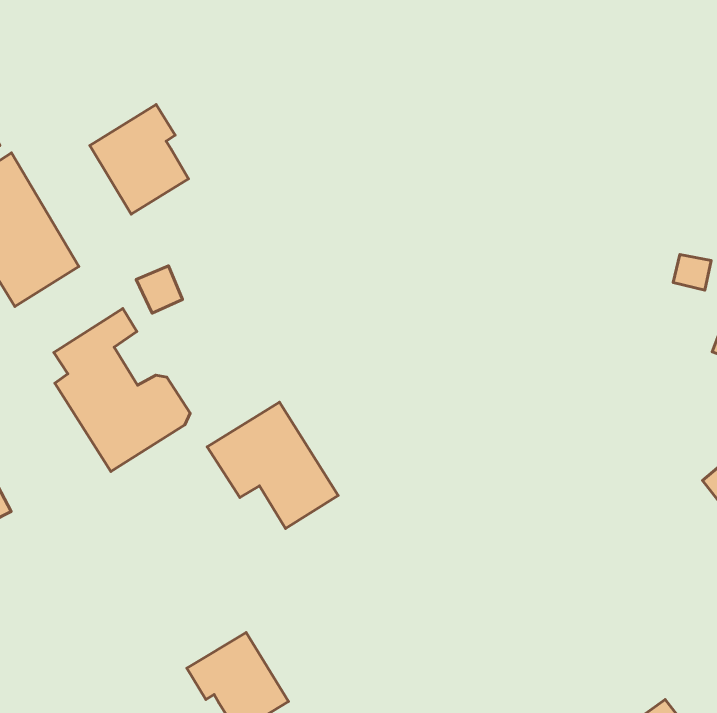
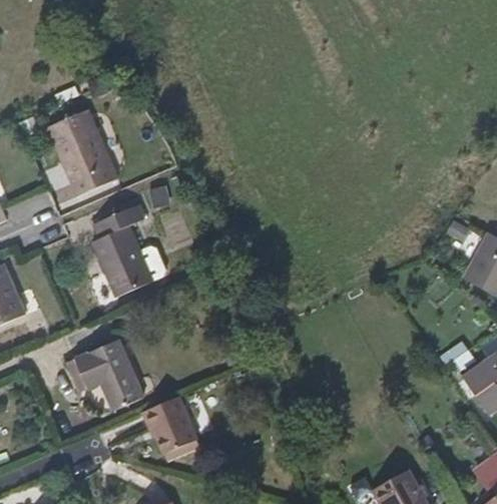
building: [90,105,189,214] -> none
building: [207,402,338,528] -> [74,340,143,411]

